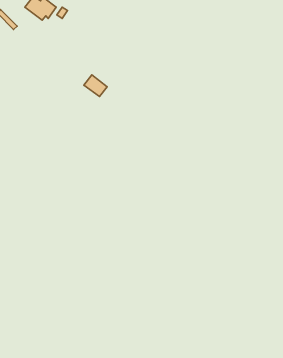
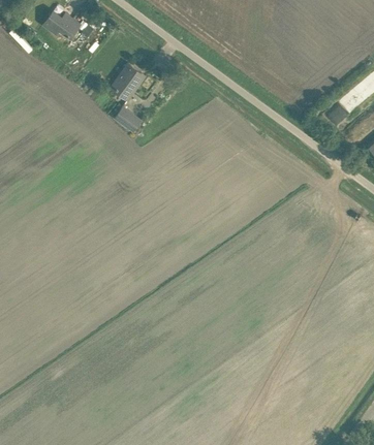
building: none -> [110,63,141,100]

